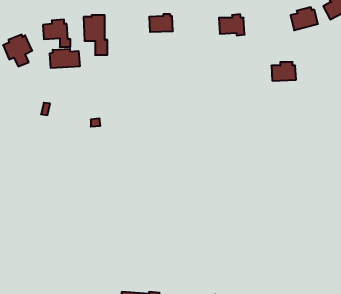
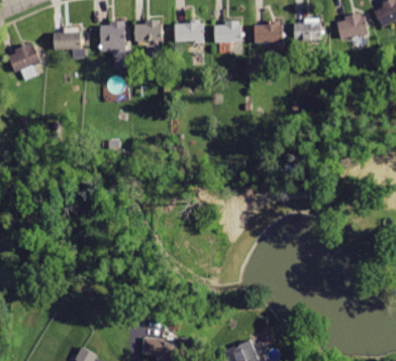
building: none -> [134,20,162,41]
building: none -> [215,21,240,43]
building: [50,49,80,68] -> none
building: [271,62,296,81] -> [294,19,322,40]

